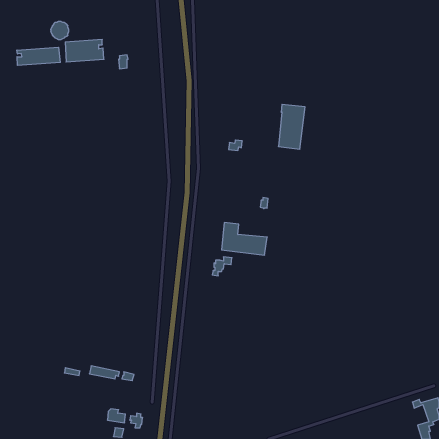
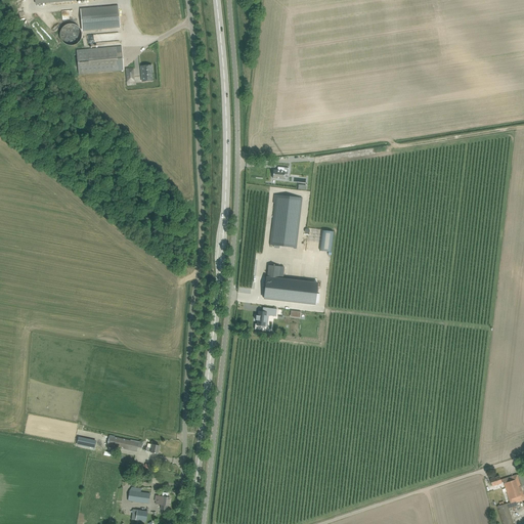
building: none -> [90,5,121,29]
building: [17,47,60,65] -> none
building: [278,104,305,149] -> [270,194,302,248]

